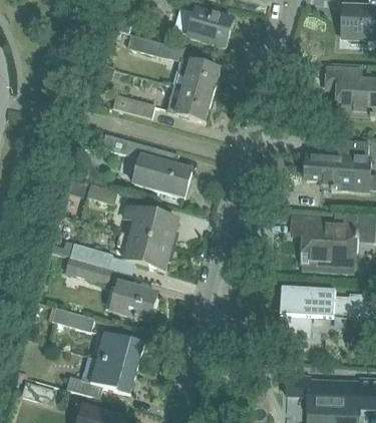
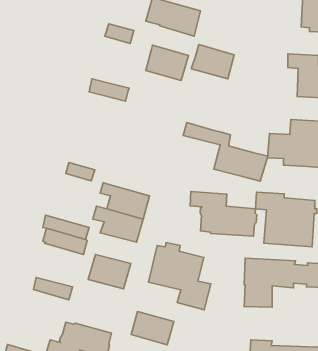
building: [165,84,212,121] -> [192,45,234,79]
building: [100,133,192,196] -> [183,123,268,181]
building: none -> [190,191,257,236]
building: none -> [148,242,211,310]
building: [97,332,143,368] -> [131,311,174,345]

